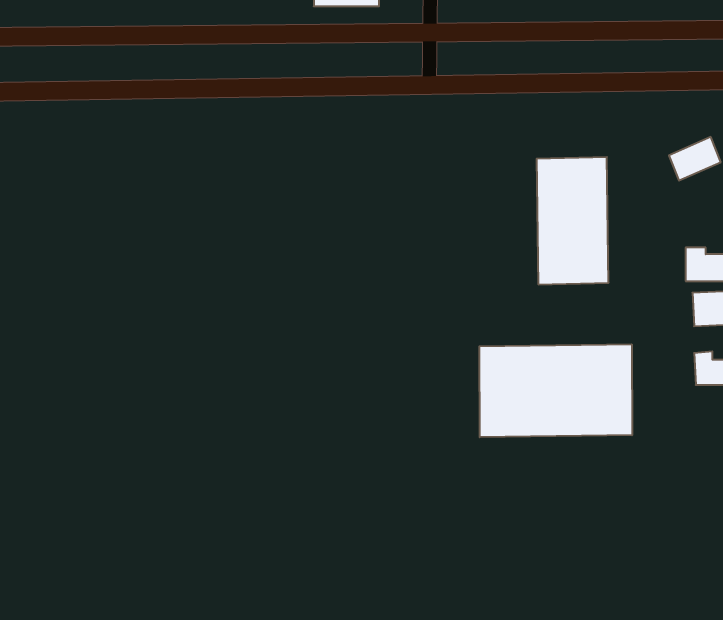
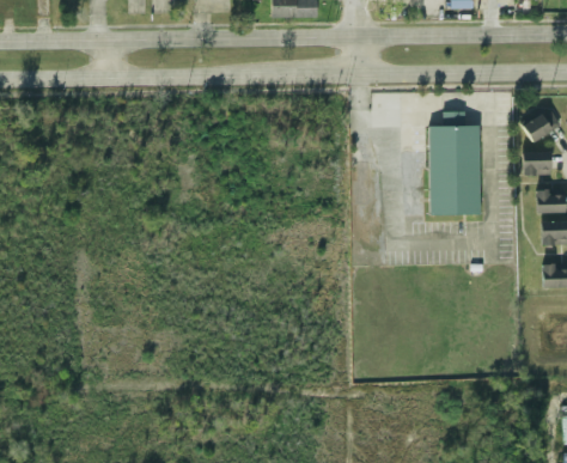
building: none -> [522,152,551,175]
building: [479,344,632,437] -> none

